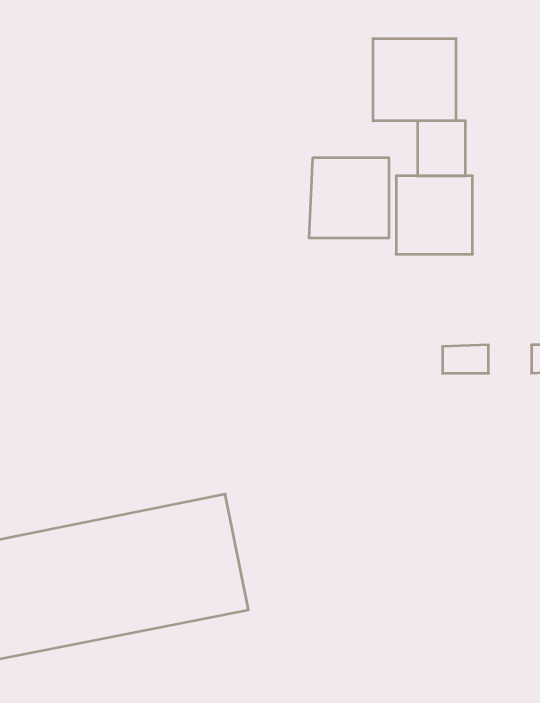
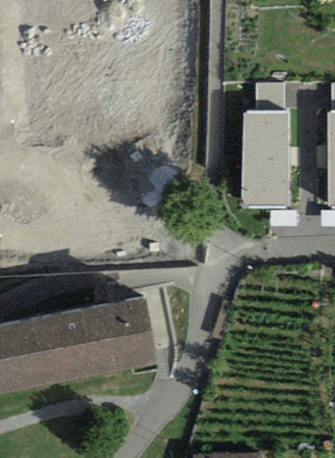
building: [373,38,456,121] -> none
building: [309,158,389,238] -> [241,158,287,204]

